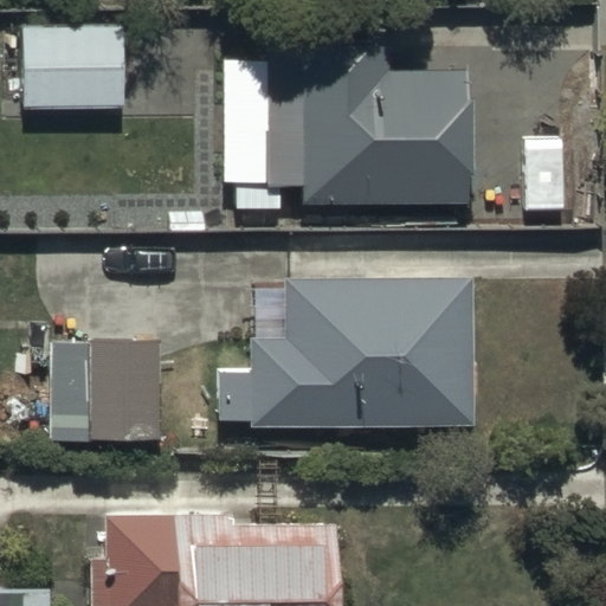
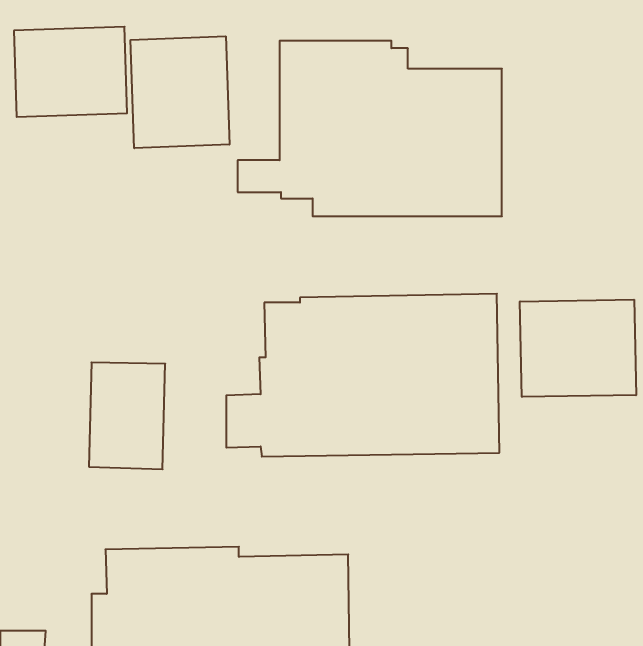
building: none -> [131,36,229,148]
building: none -> [520,300,636,397]

